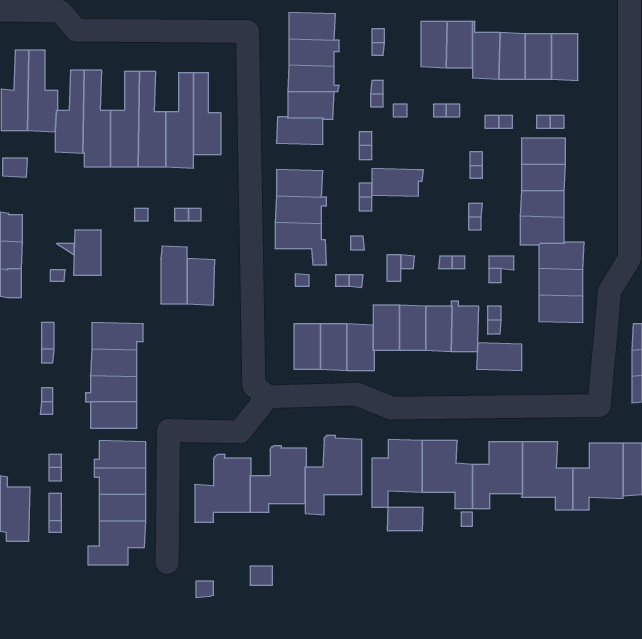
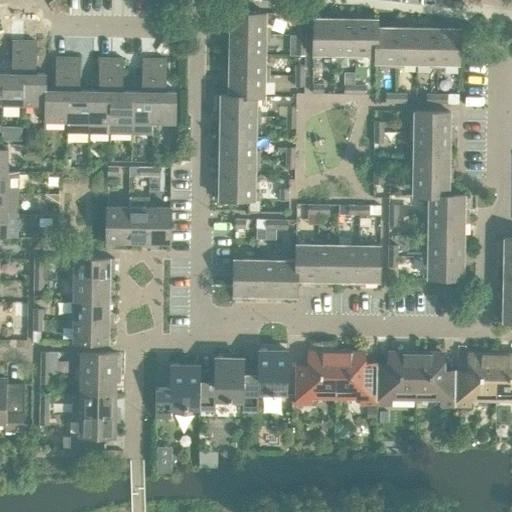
building: none -> [314,18,335,55]
building: [372,169,423,196] -> [220,116,261,138]
building: [74,230,101,275] -> [106,208,128,244]
building: [477,343,522,371] -> [428,258,464,280]
building: [388,507,423,531] -> none

